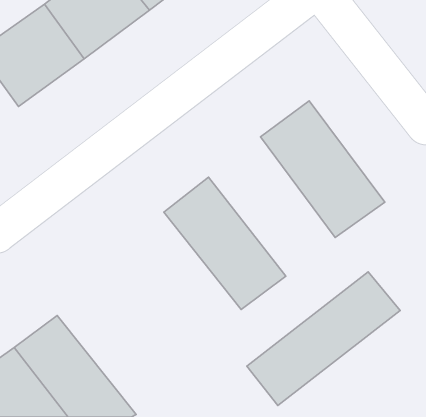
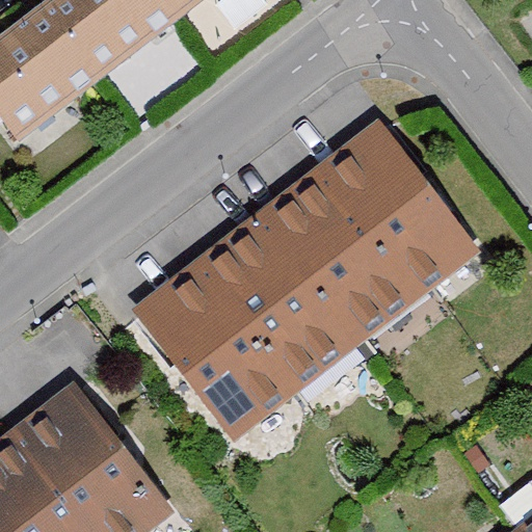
building: none -> [258,169,415,342]
building: none -> [137,263,298,434]
building: [247,272,400,406] -> none

